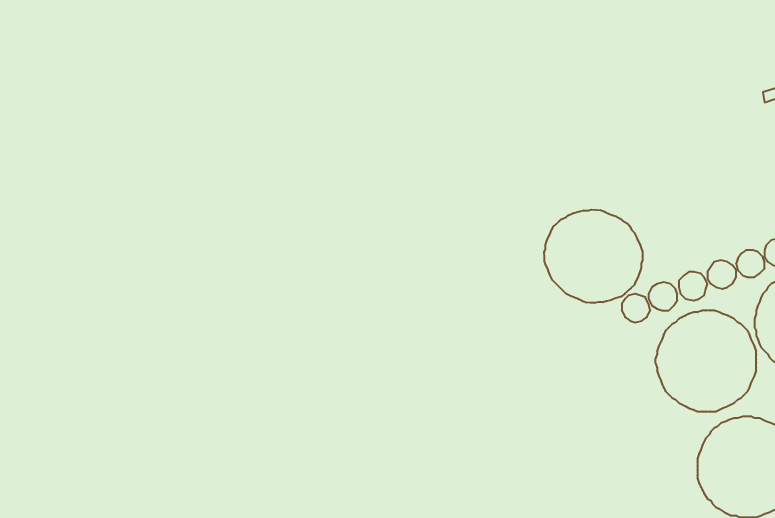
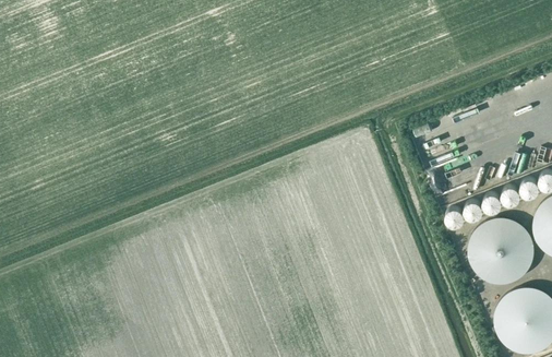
building: [544,210,642,303] -> none

